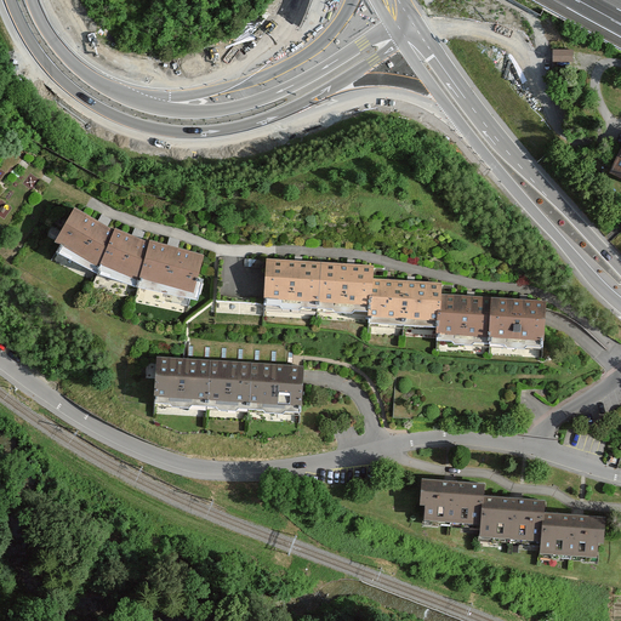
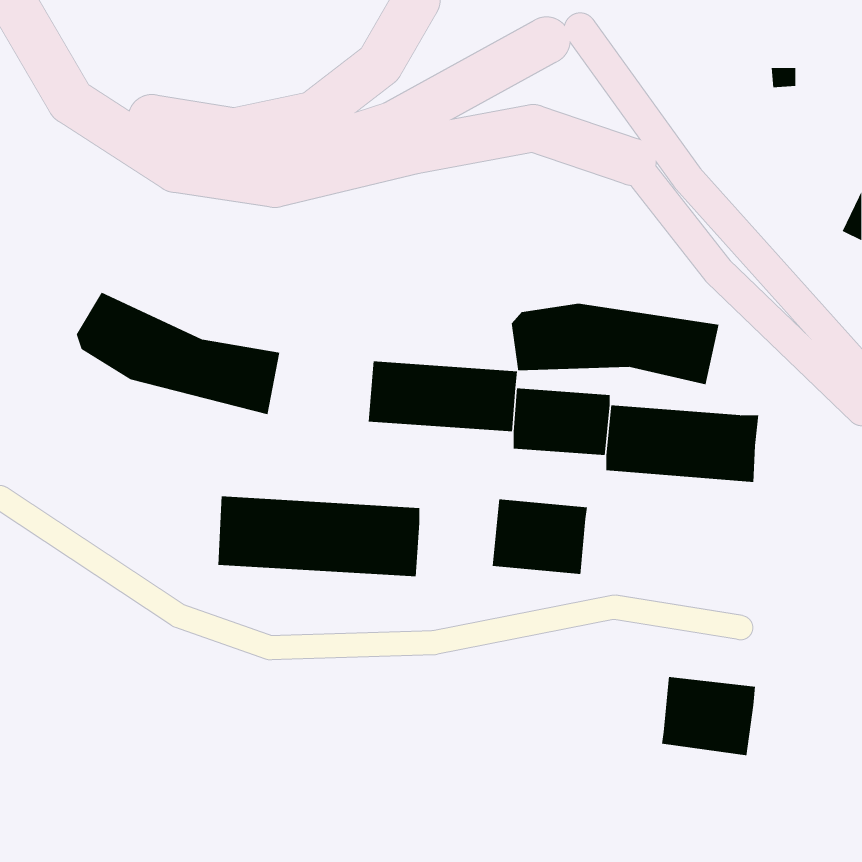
building: none -> [511,303,719,385]
building: [412,472,482,526] -> [492,499,588,575]
building: [535,507,600,564] -> none

